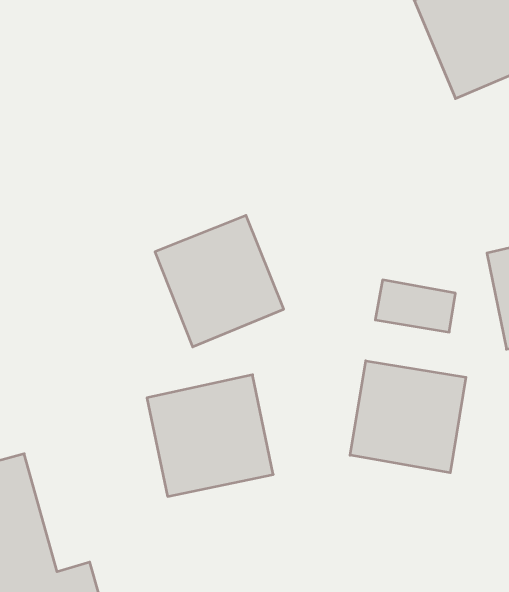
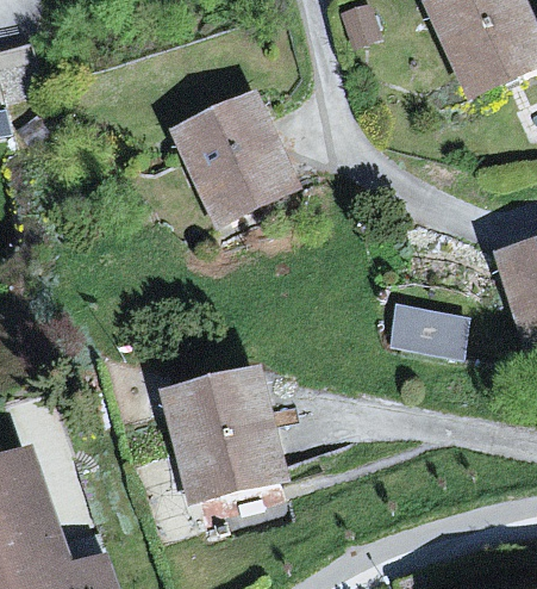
building: [155,215,284,347] -> [174,95,300,224]
building: [350,361,466,473] -> none

